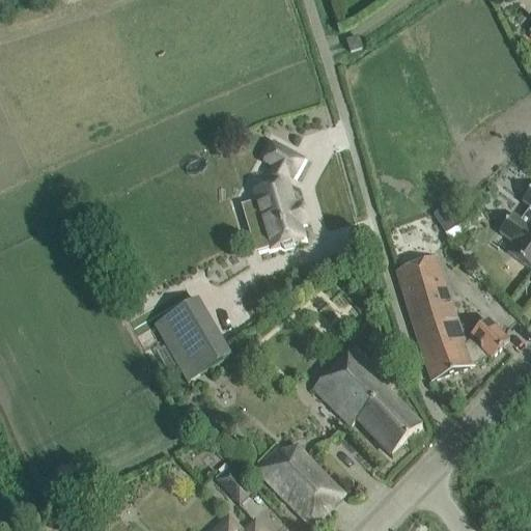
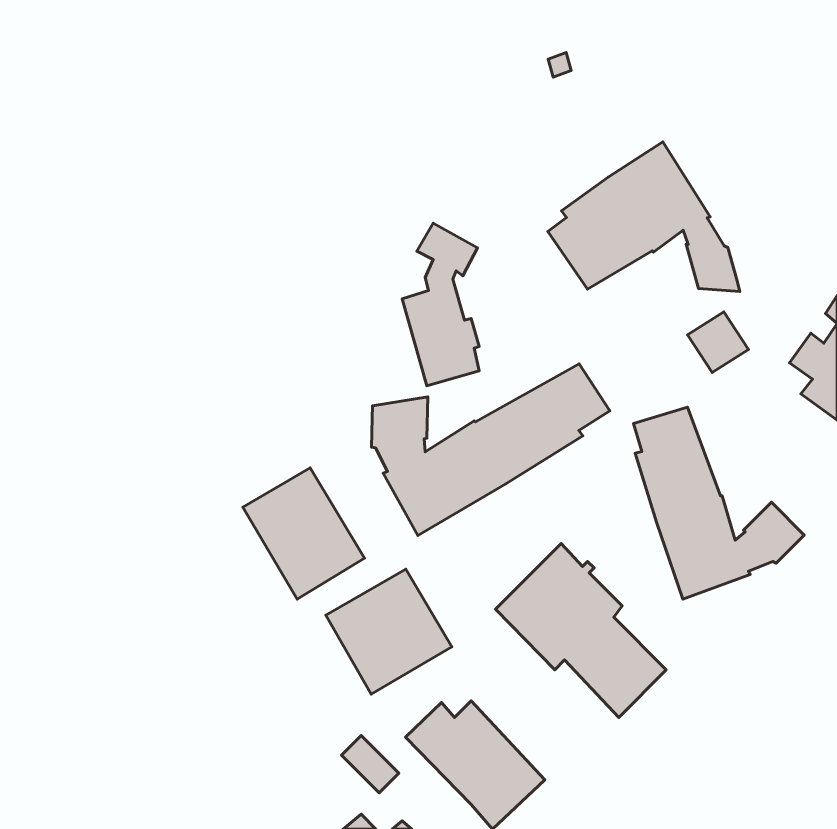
building: none -> [548,142,740,292]
building: none -> [372,364,610,536]
building: none -> [326,569,452,694]

